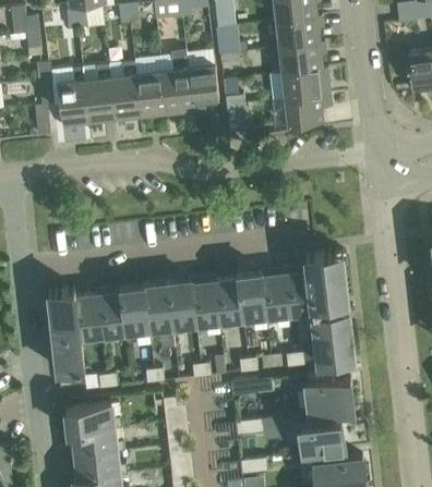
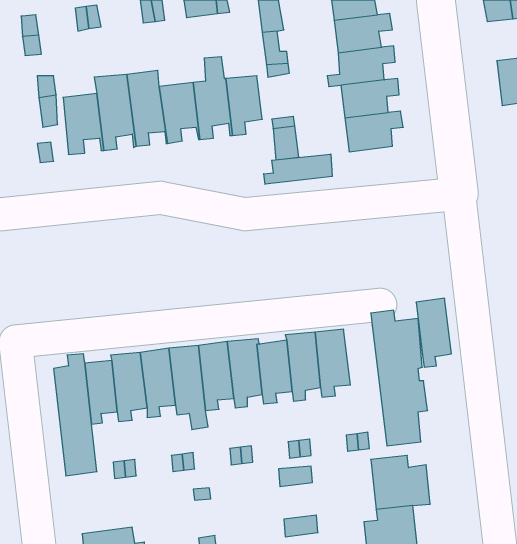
building: none -> [264,154,332,184]
building: [283,266,311,321] -> [416,298,451,367]
building: [69,403,121,434] -> none

